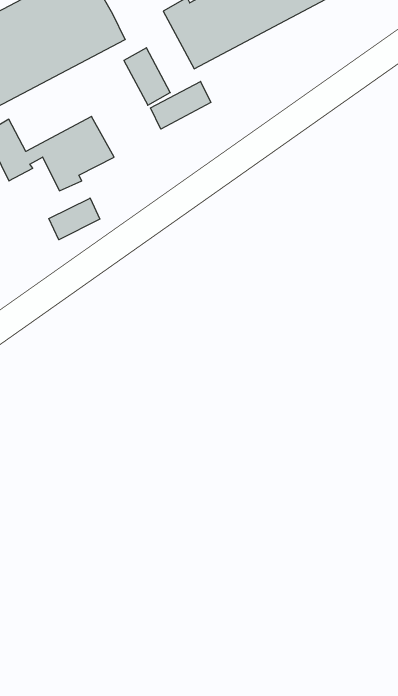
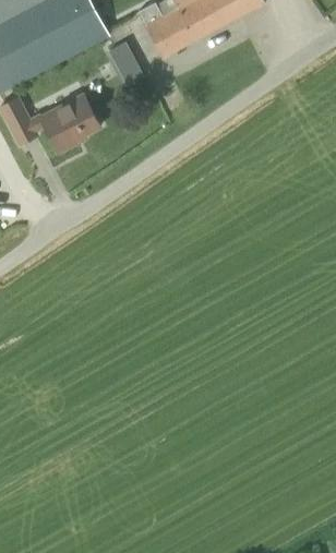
building: [150,81,211,129] -> none
building: [49,198,100,240] -> none

